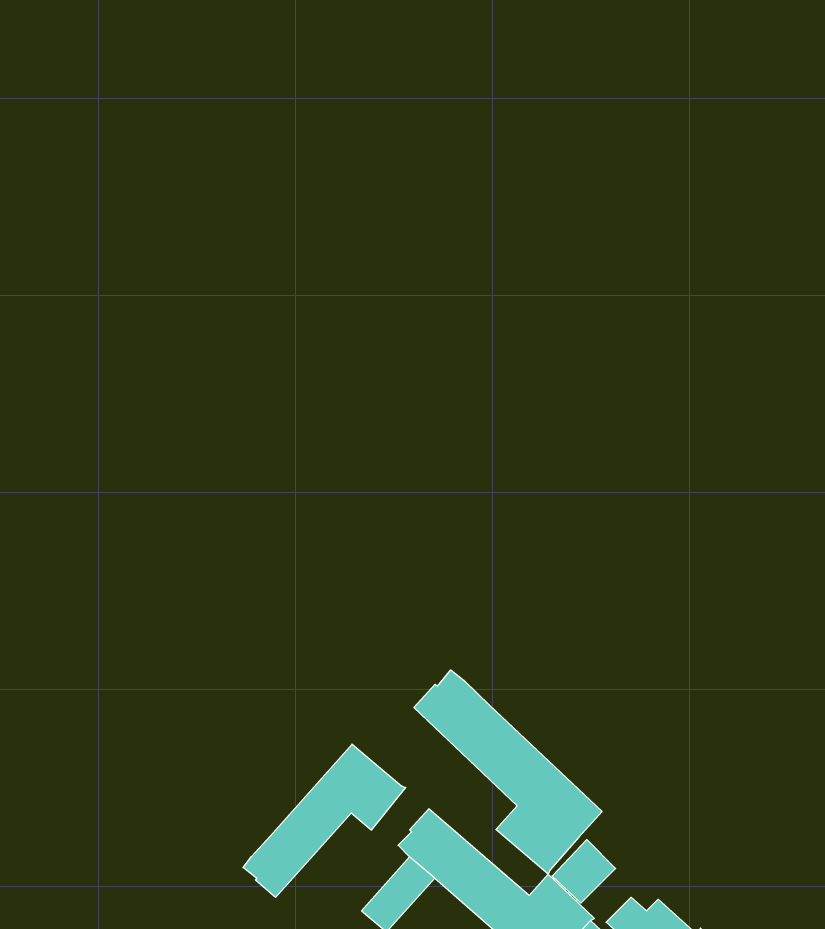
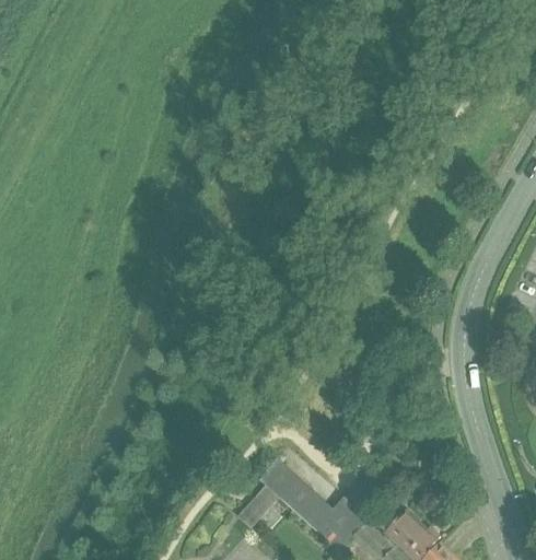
building: [414,670,602,874] -> none
building: [243,744,406,897] -> none

